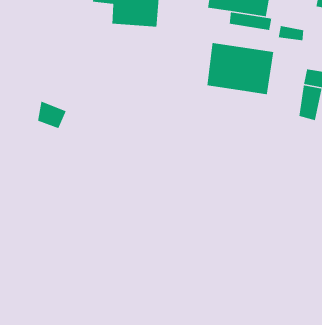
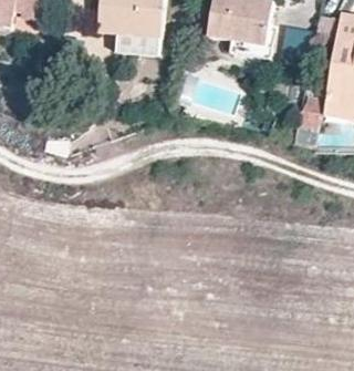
building: [206,42,274,95] -> none

